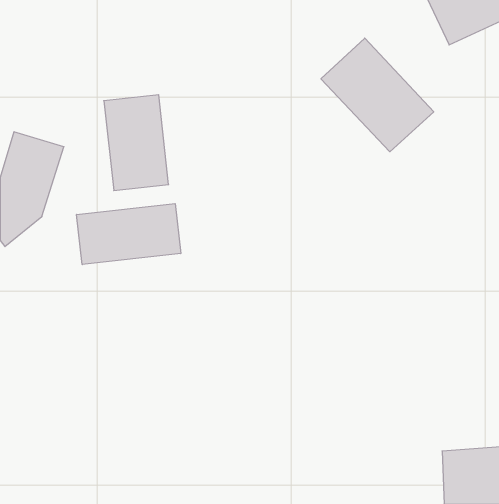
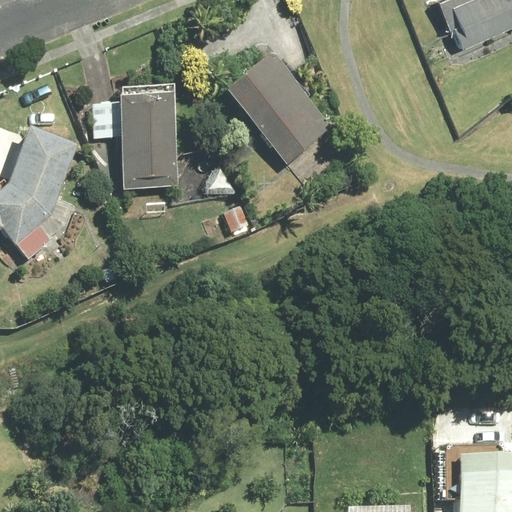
building: [321,38,434,152] -> [223,52,336,166]
building: [77,204,181,265] -> none

